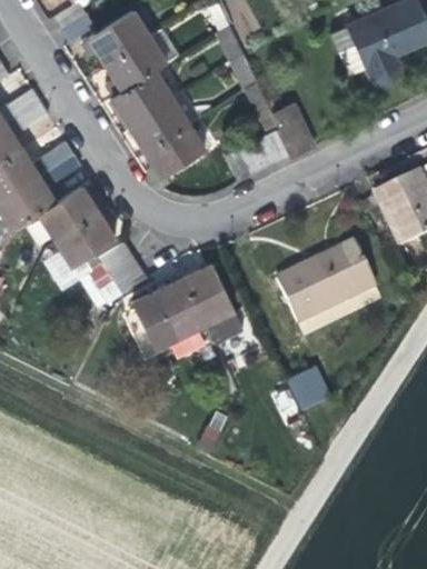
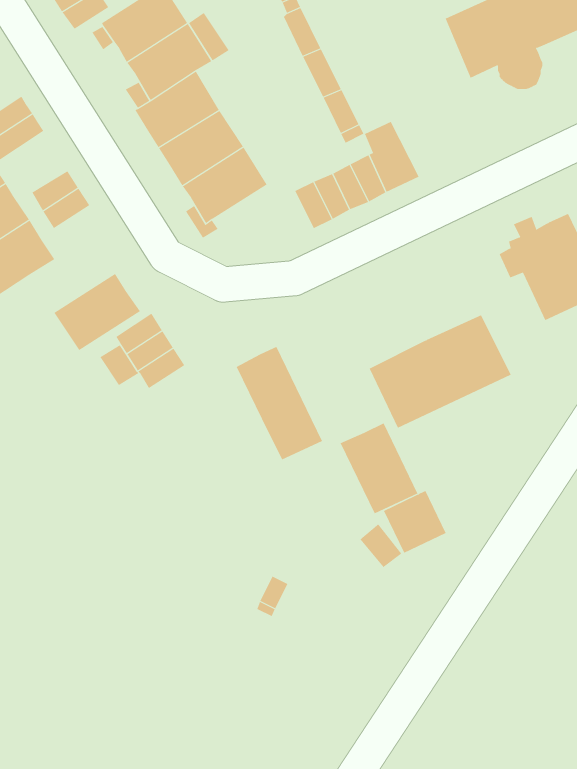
building: [39,186,99,240] -> none
building: [132,278,206,348] -> none
building: none -> [340,423,418,514]

